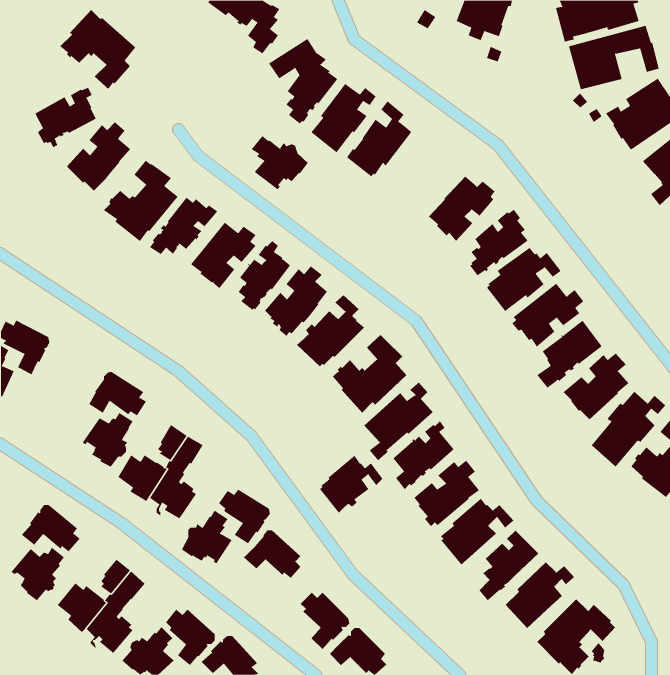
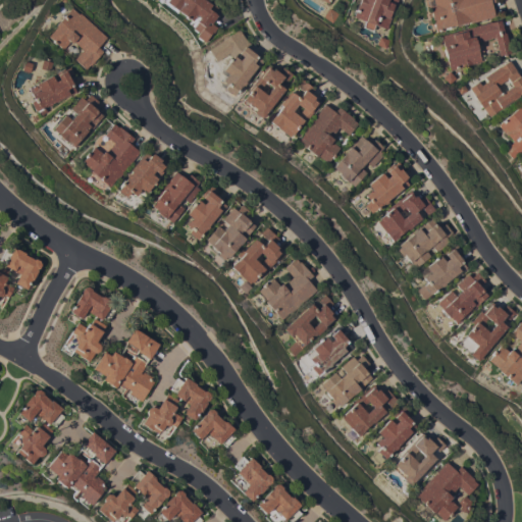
building: none -> [300,104,360,164]
building: [251,135,309,190] -> none
building: [319,455,383,514] -> none

